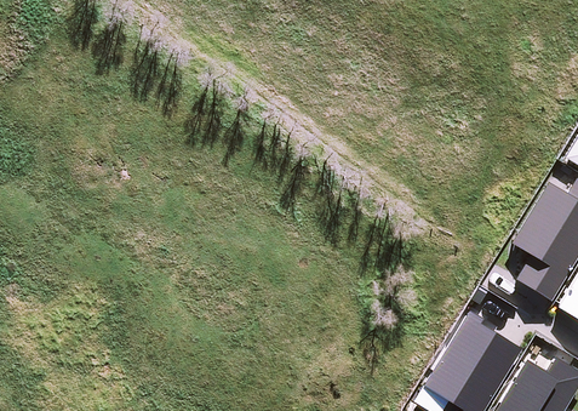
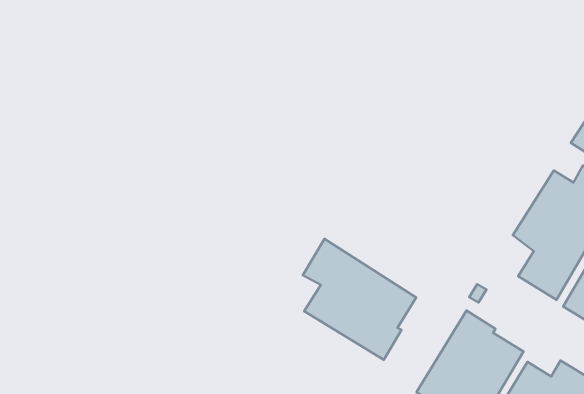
building: none -> [303,239,416,360]

